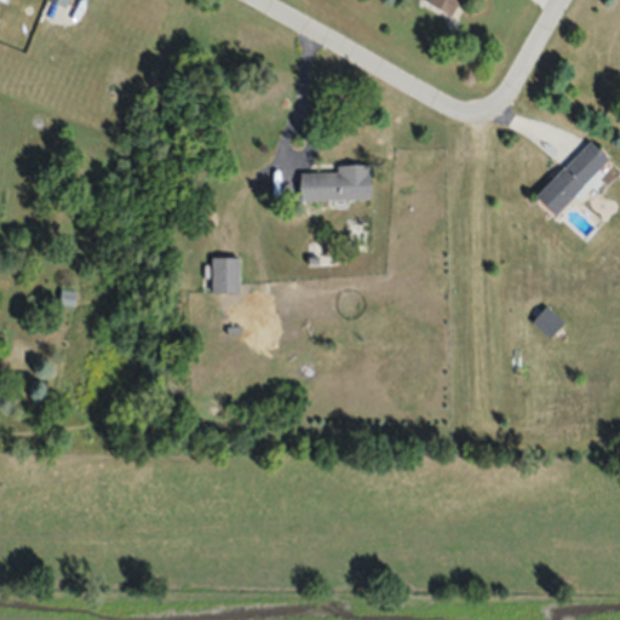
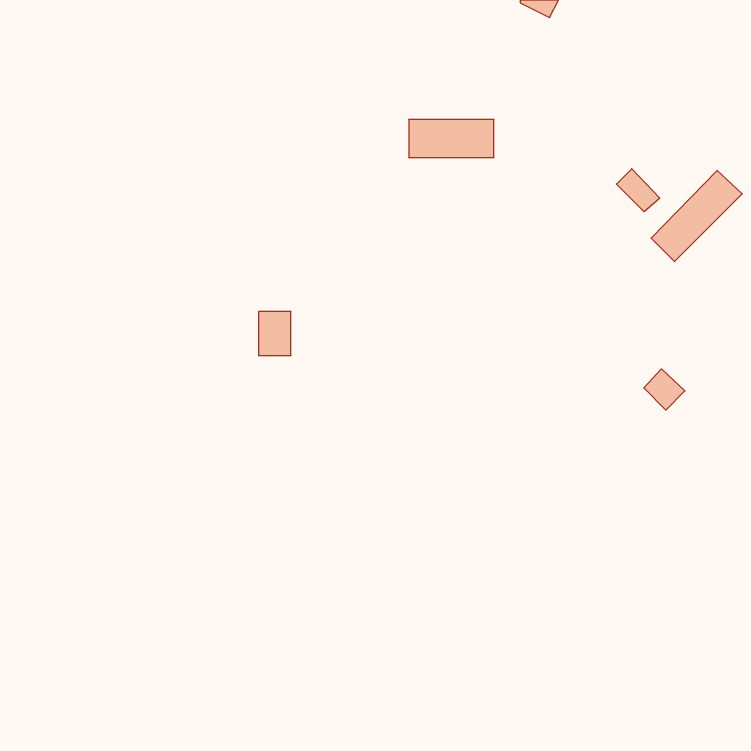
building: none -> [616,169,660,212]
building: [302,168,372,200] -> [409,119,494,158]

